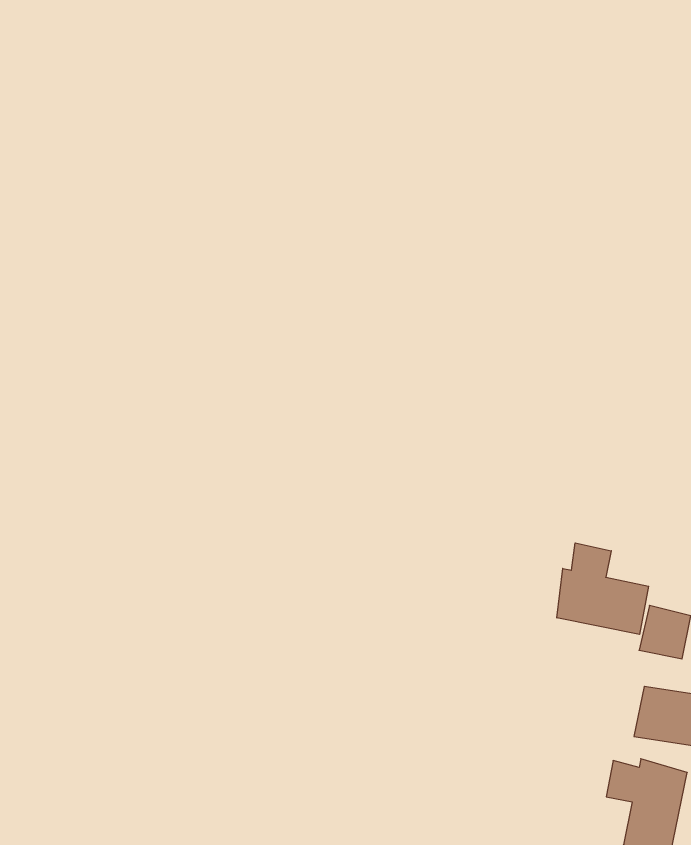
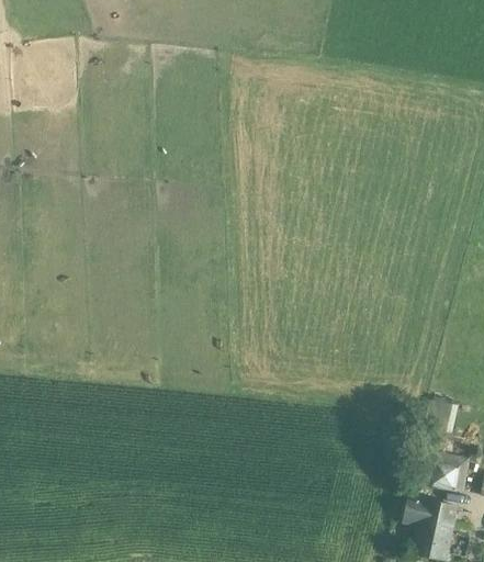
building: [557,543,649,634] -> none

